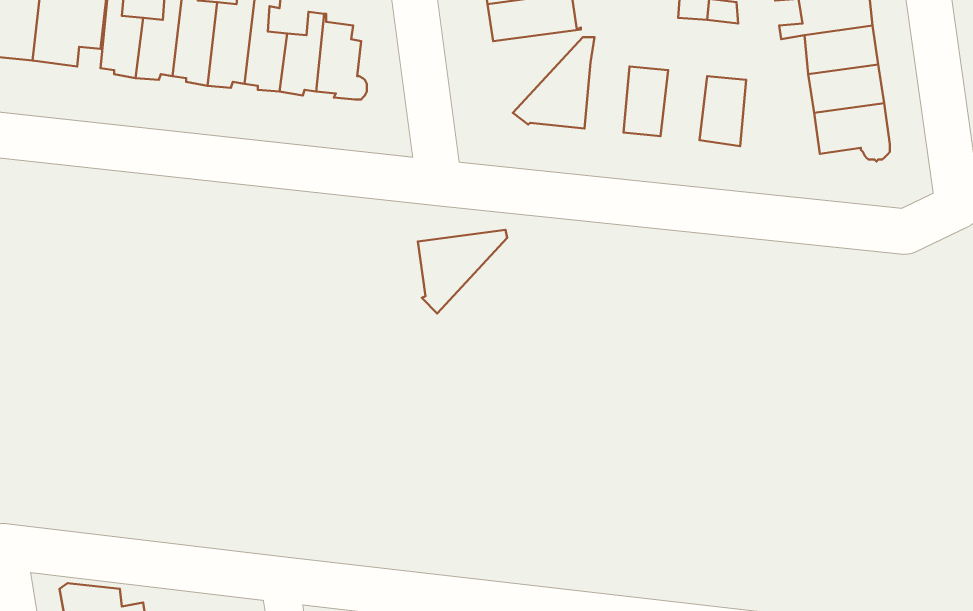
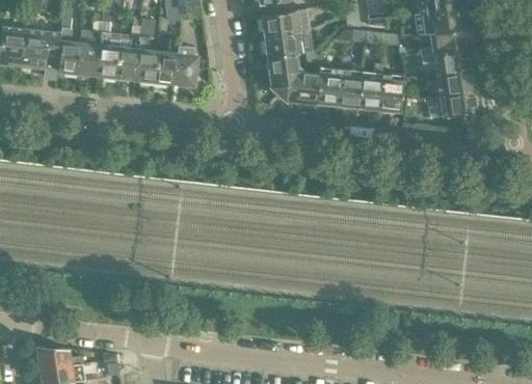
building: none -> [356,63,382,109]
building: none -> [316,67,340,105]
building: [418,230,507,314] -> [267,50,315,94]

